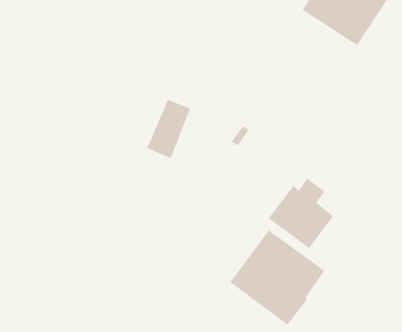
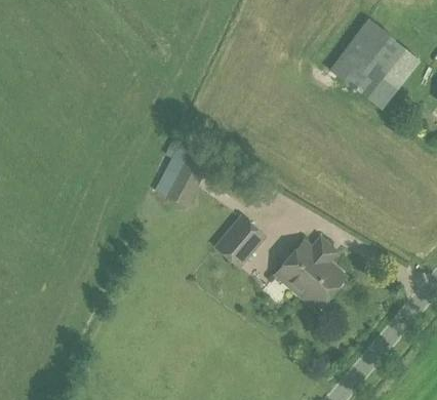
building: none -> [214,216,264,267]
building: [230,229,325,325] -> none

